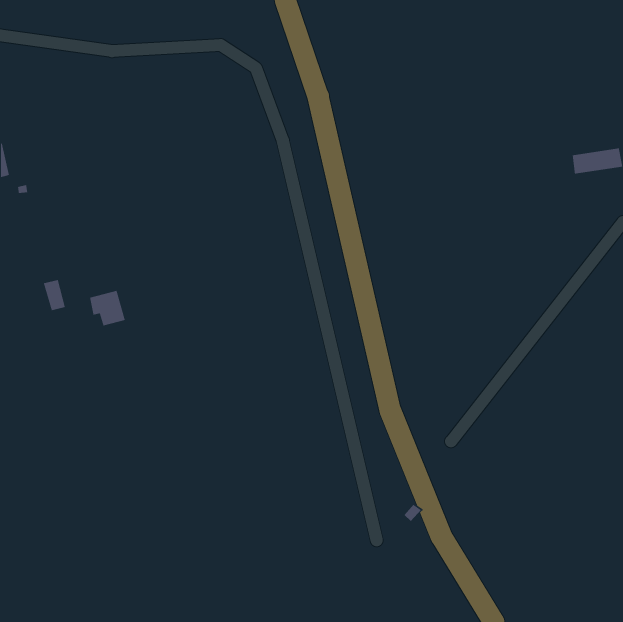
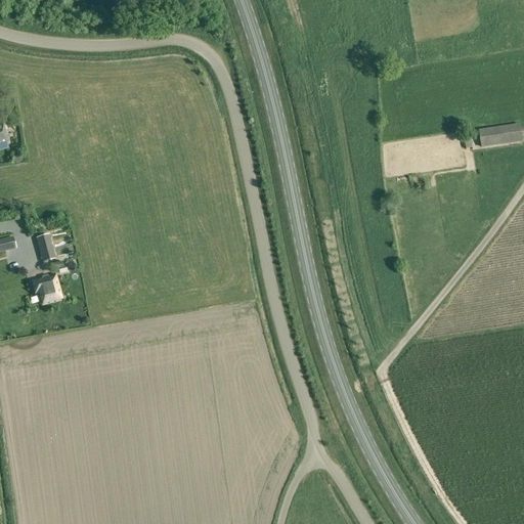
building: [89,290,126,326] -> [32,272,62,303]

